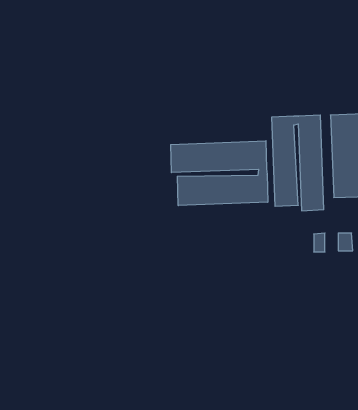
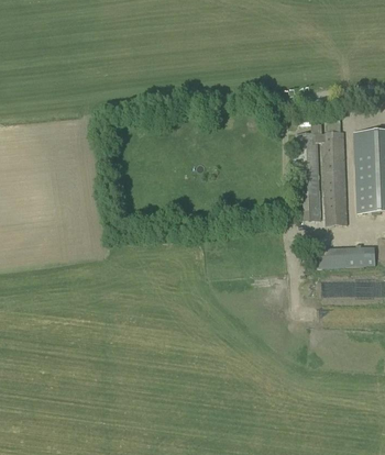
building: [171,141,268,206] -> none

